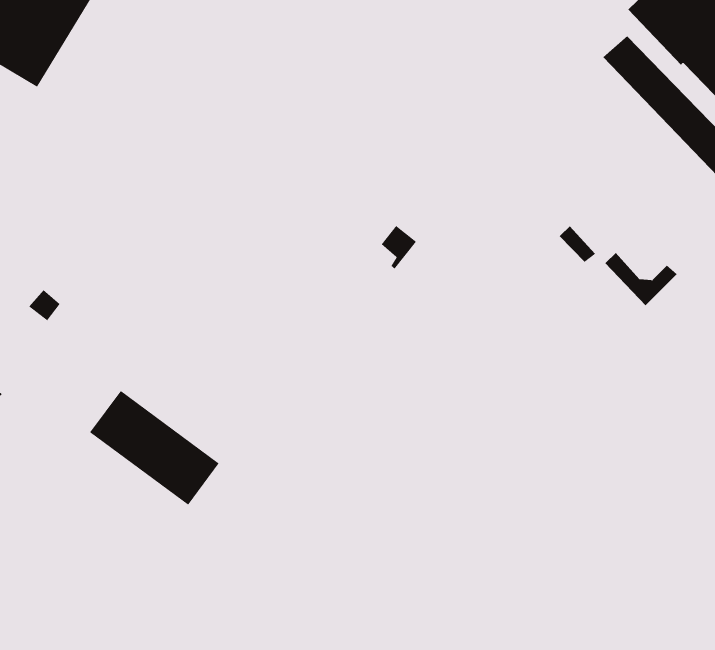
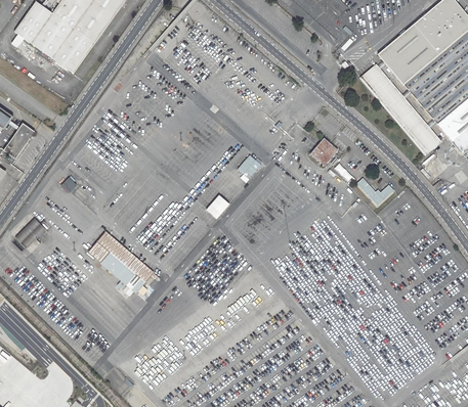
building: none -> [309,137,337,165]

